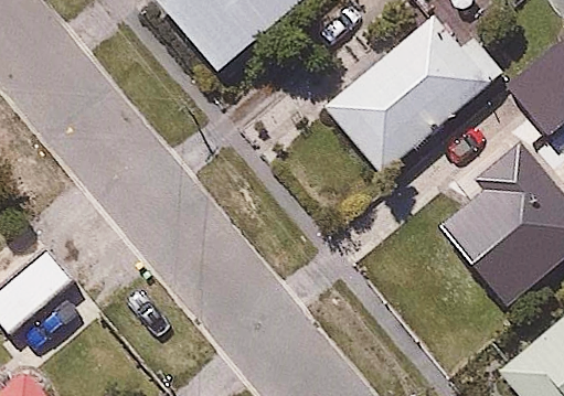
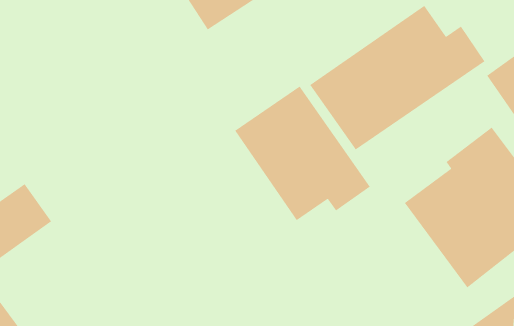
building: none -> [234,85,371,221]

